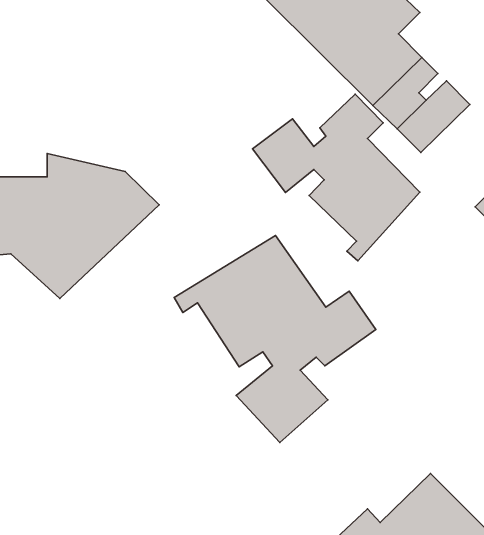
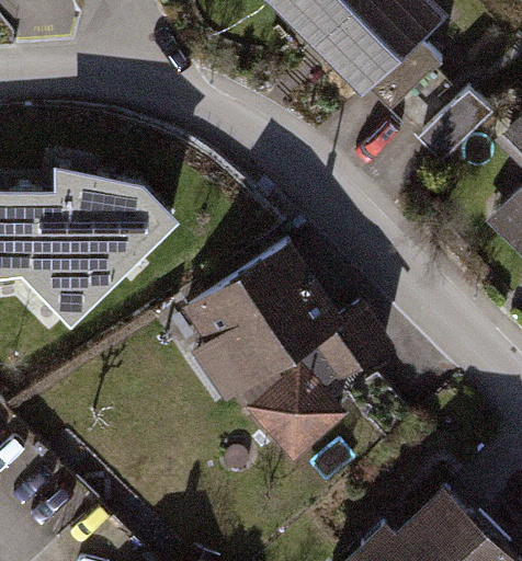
building: [253,94,420,261] -> none

